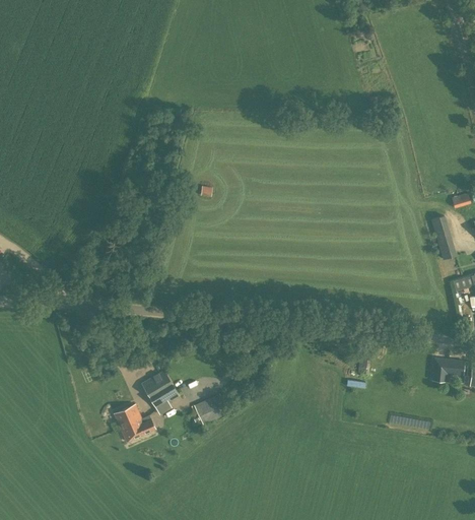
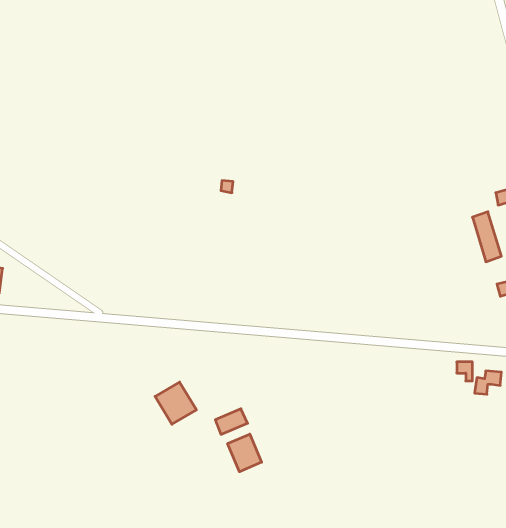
building: [115,404,156,442] -> none
building: none -> [228,434,262,472]

